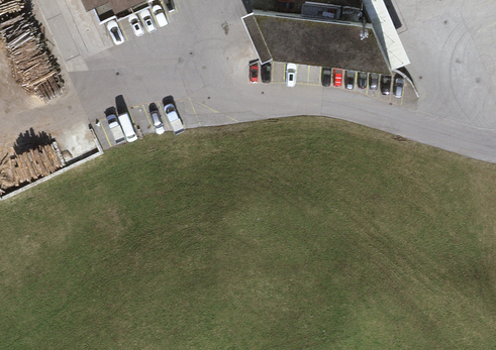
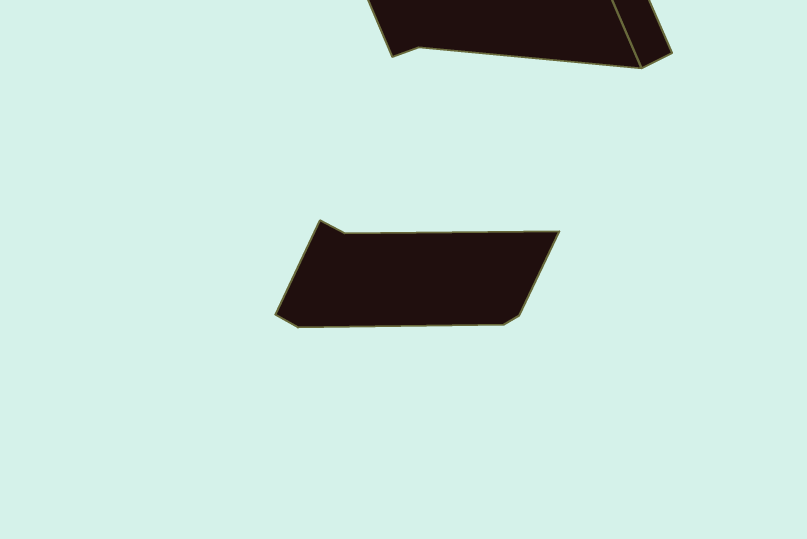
building: none -> [275,220,559,328]

